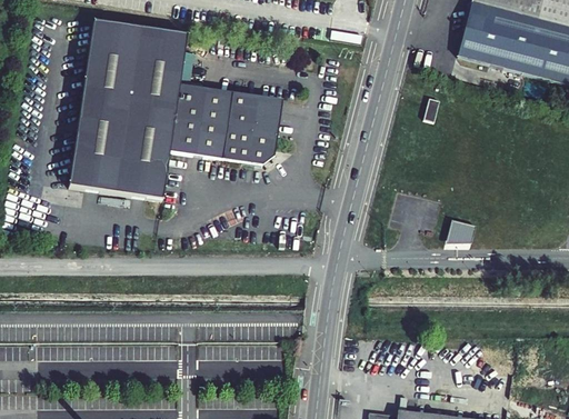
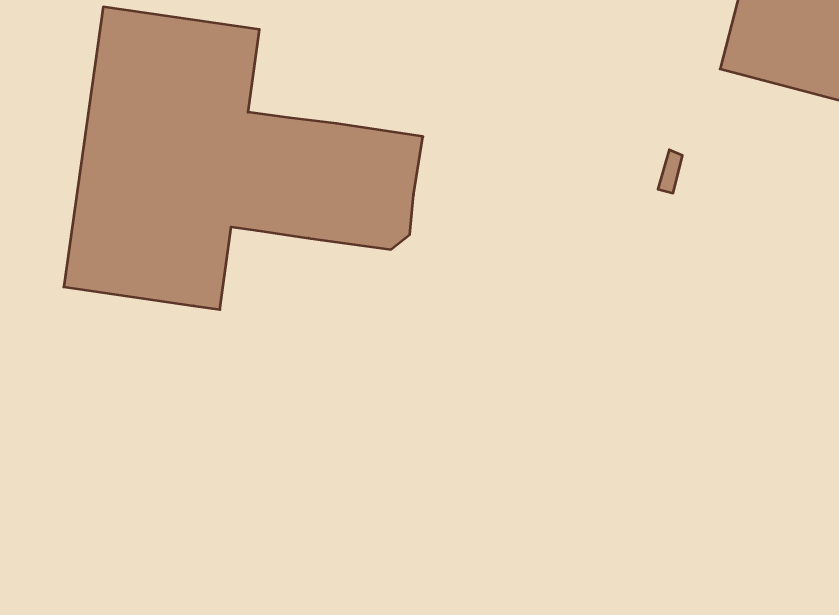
building: [447,217,478,245] -> none

